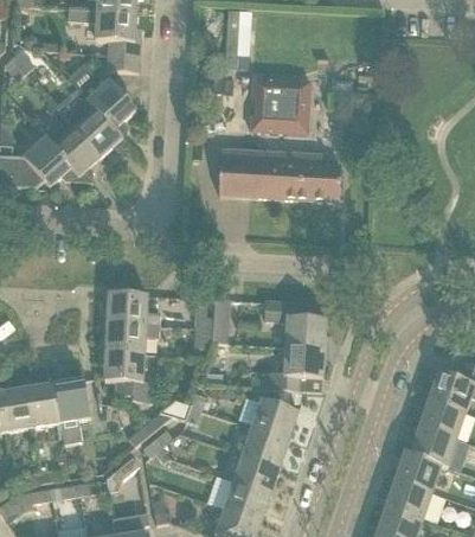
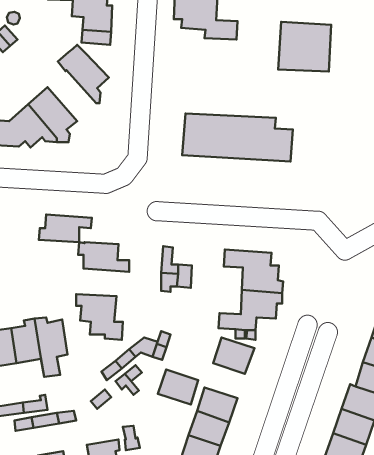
building: [250,76,309,132] -> [278,22,331,72]
building: [68,100,126,156] -> none
building: [100,321,159,352] -> [39,214,92,242]
building: [243,427,288,466] -> [158,370,198,405]

